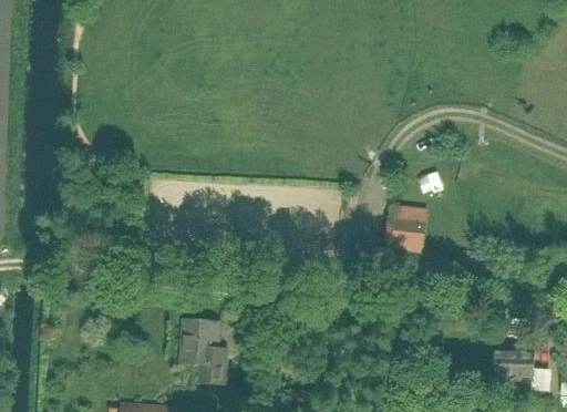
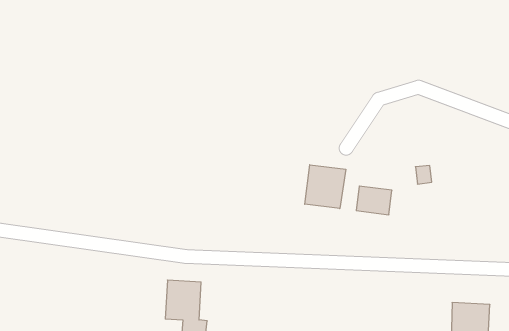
building: none -> [305,165,346,209]

